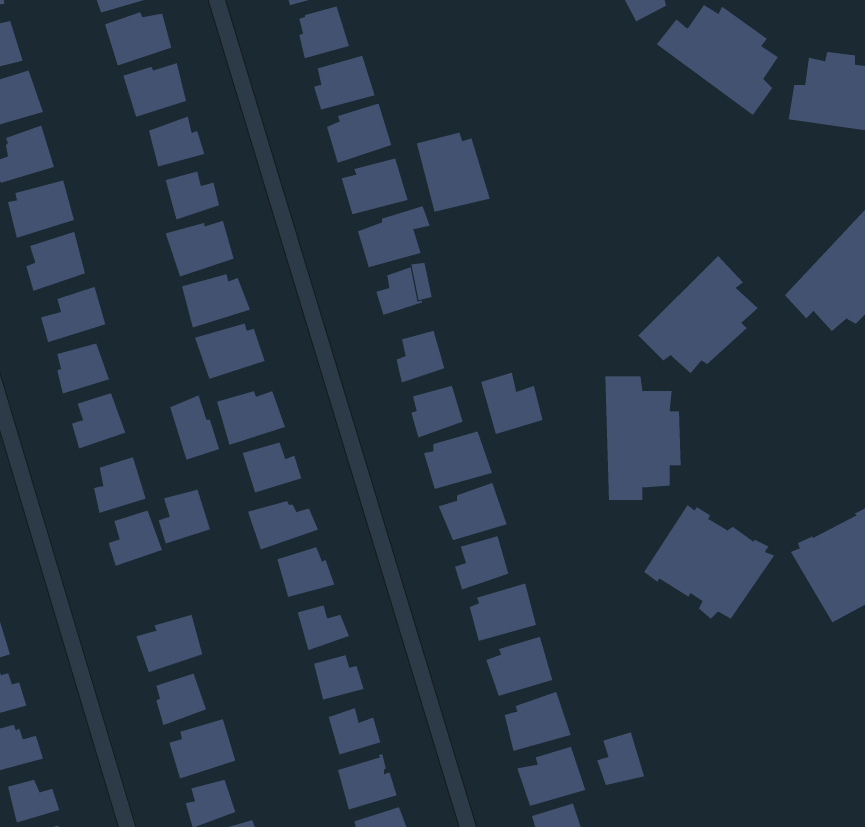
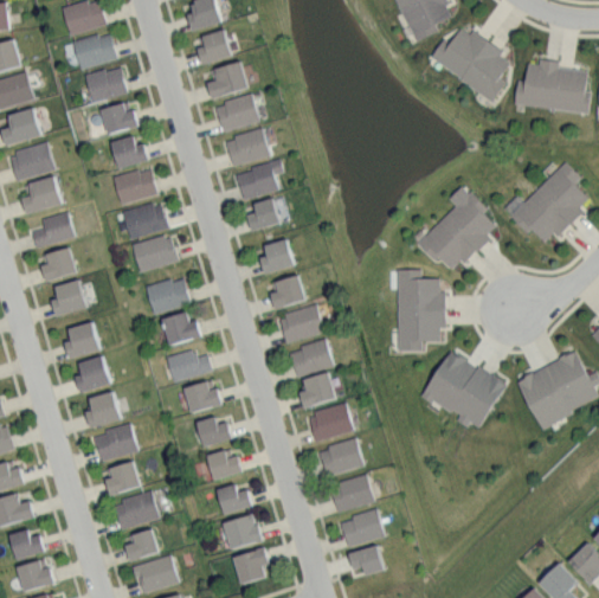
building: [416,132,490,212] -> none
building: [480,372,543,435] -> none
building: [169,394,220,460] -> none
building: [158,489,211,544] -> [85,393,120,429]
building: [597,732,645,786] -> none

